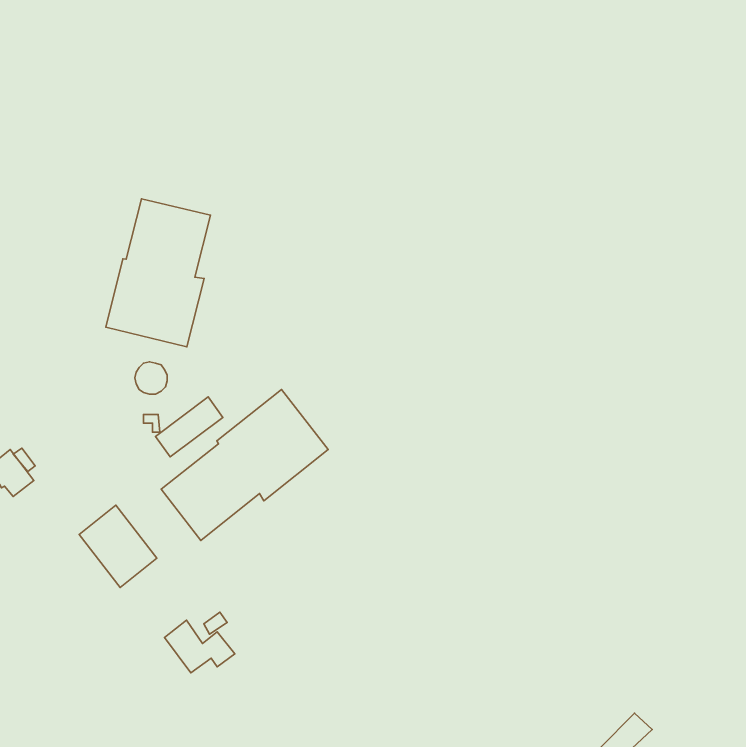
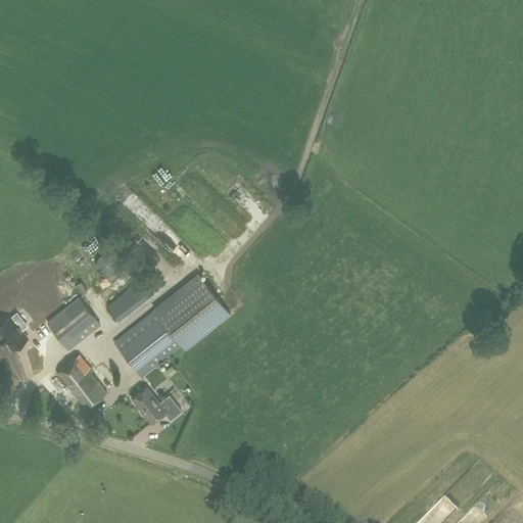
building: [106,199,211,347] -> none
building: none -> [46,298,98,349]
building: [164,620,235,673] -> [131,387,180,424]

